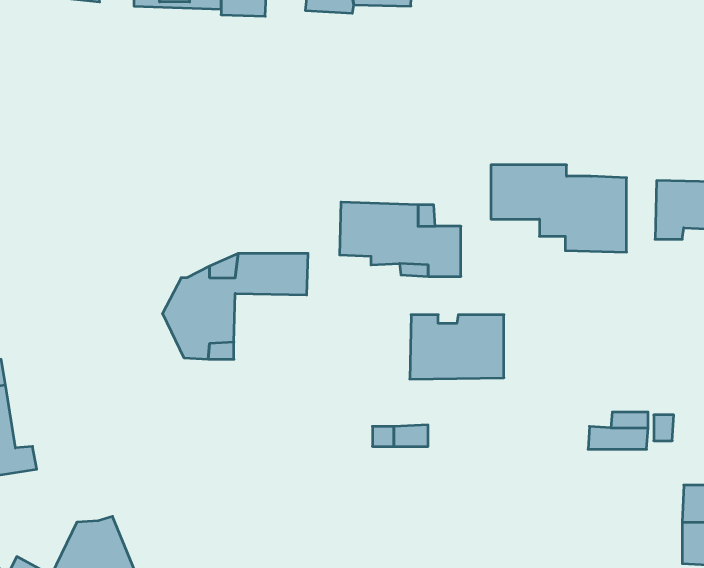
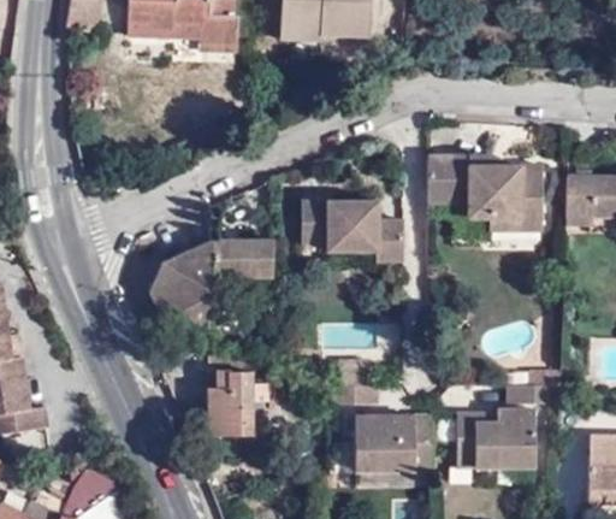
building: [410,315,504,379] -> [351,418,431,472]
building: none -> [208,354,254,435]
building: none -> [454,409,532,467]

